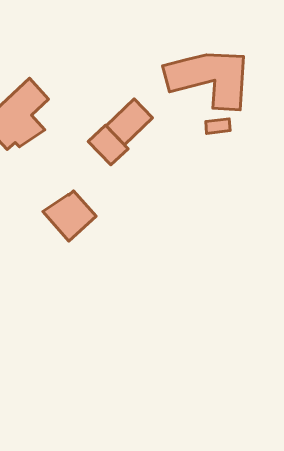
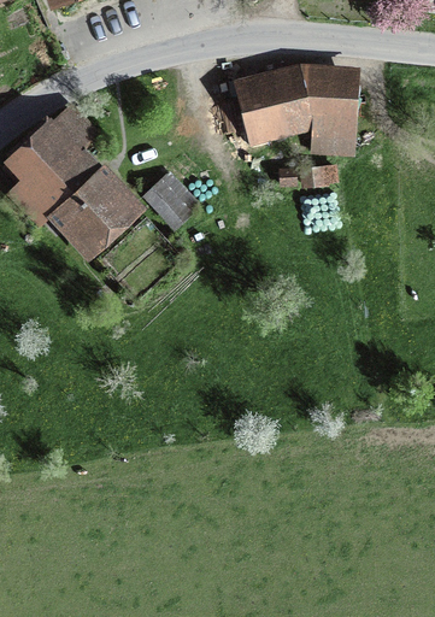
building: [106,99,153,145] -> none
building: [43,191,96,241] -> [54,172,125,240]

